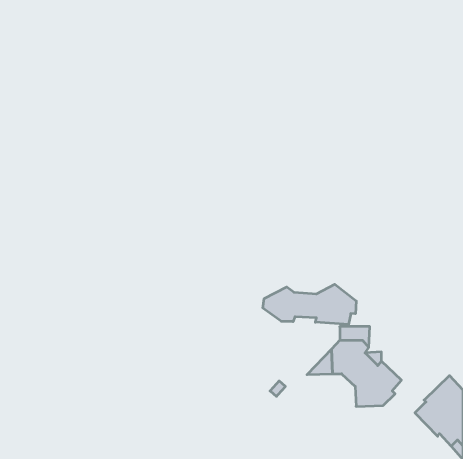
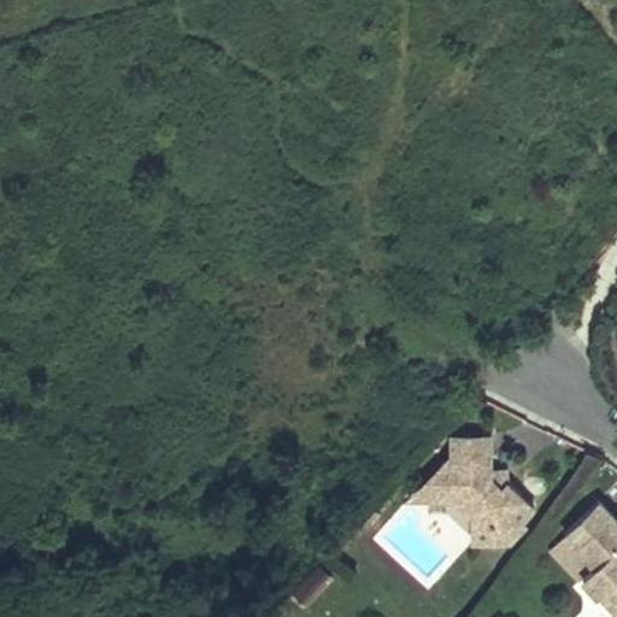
building: [263,284,356,324] -> none

